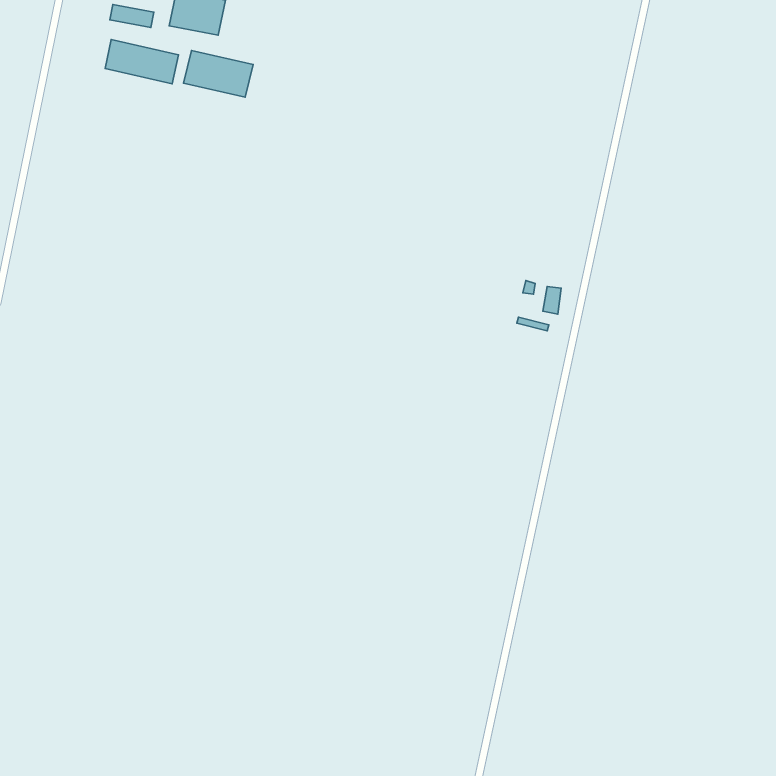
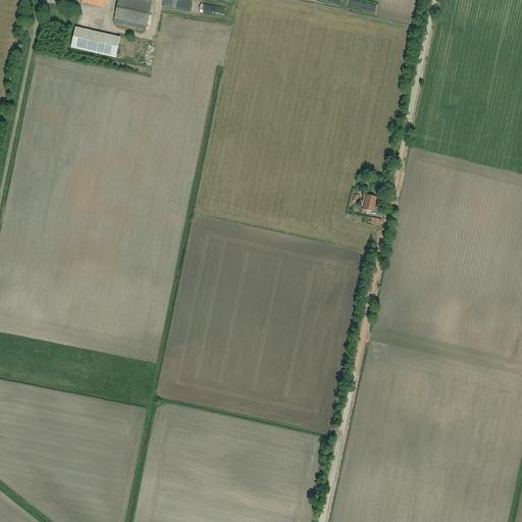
building: [184,50,253,97] -> none

